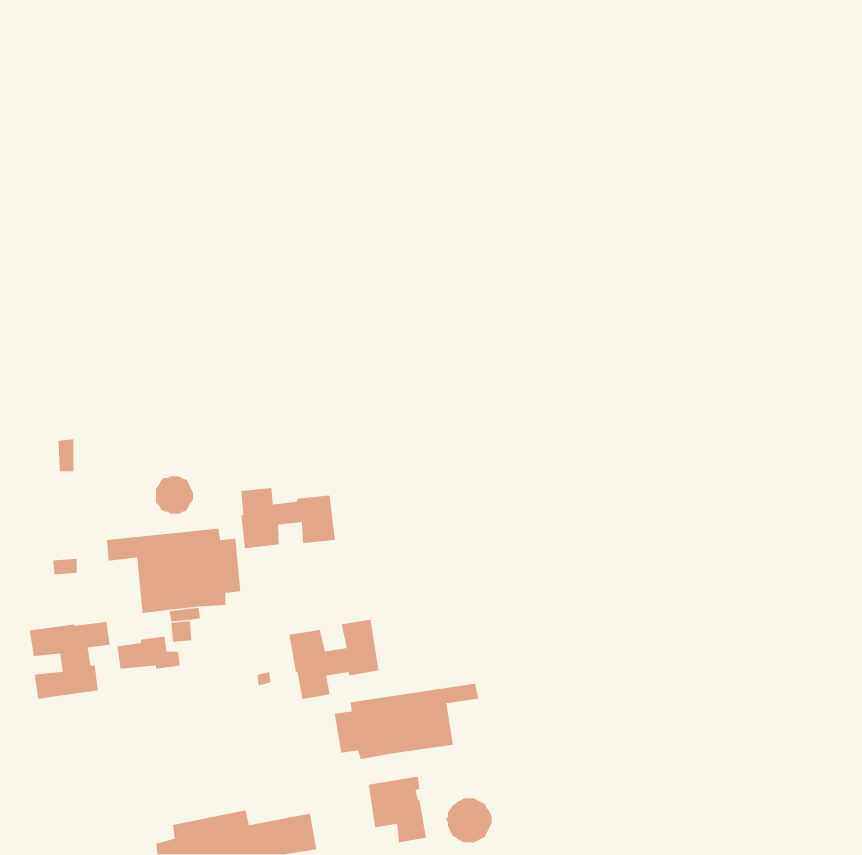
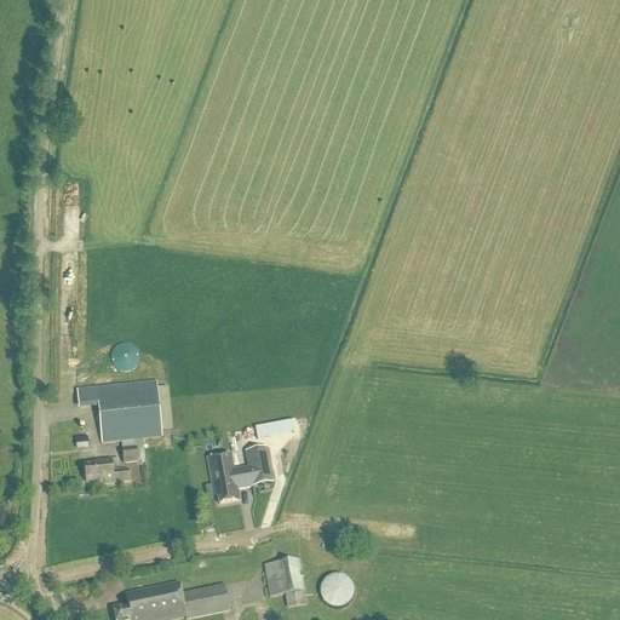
building: [240,487,336,549] -> none
building: [29,621,110,700] -> none
building: [334,683,479,760] -> none

